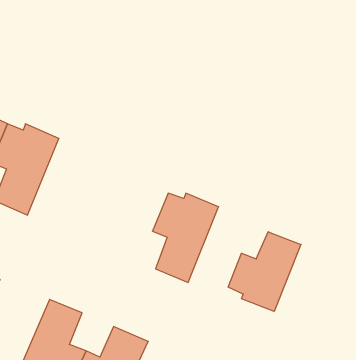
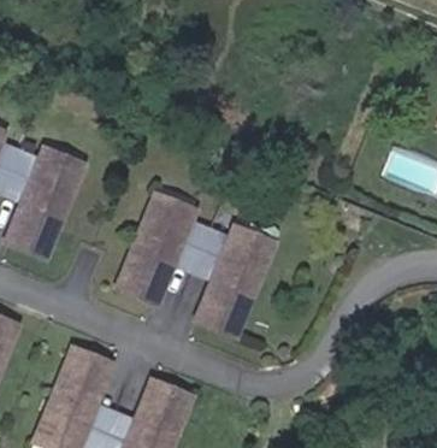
building: none -> [119,200,208,302]
building: [228,232,301,311] -> none

